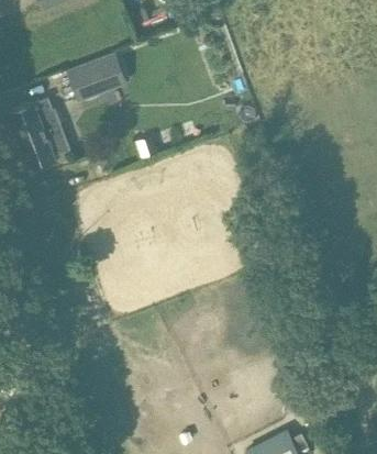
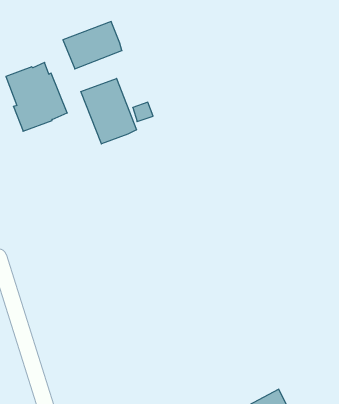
building: none -> [81,78,136,144]

